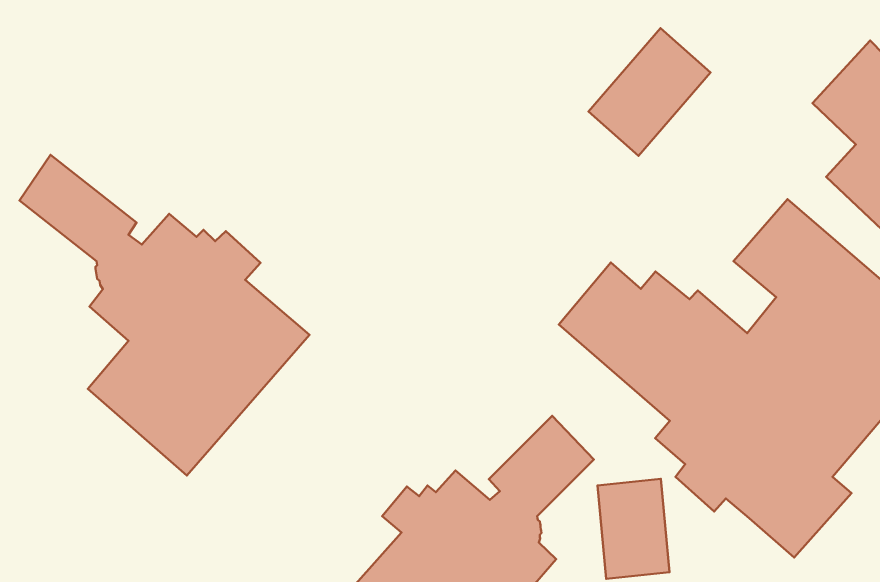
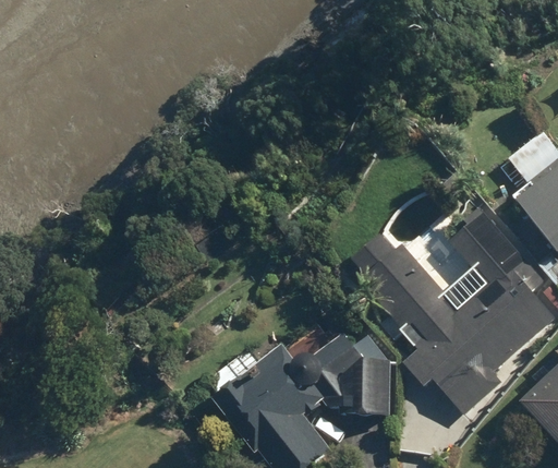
building: [589,28,710,156] -> none
building: [19,155,309,476] -> none

